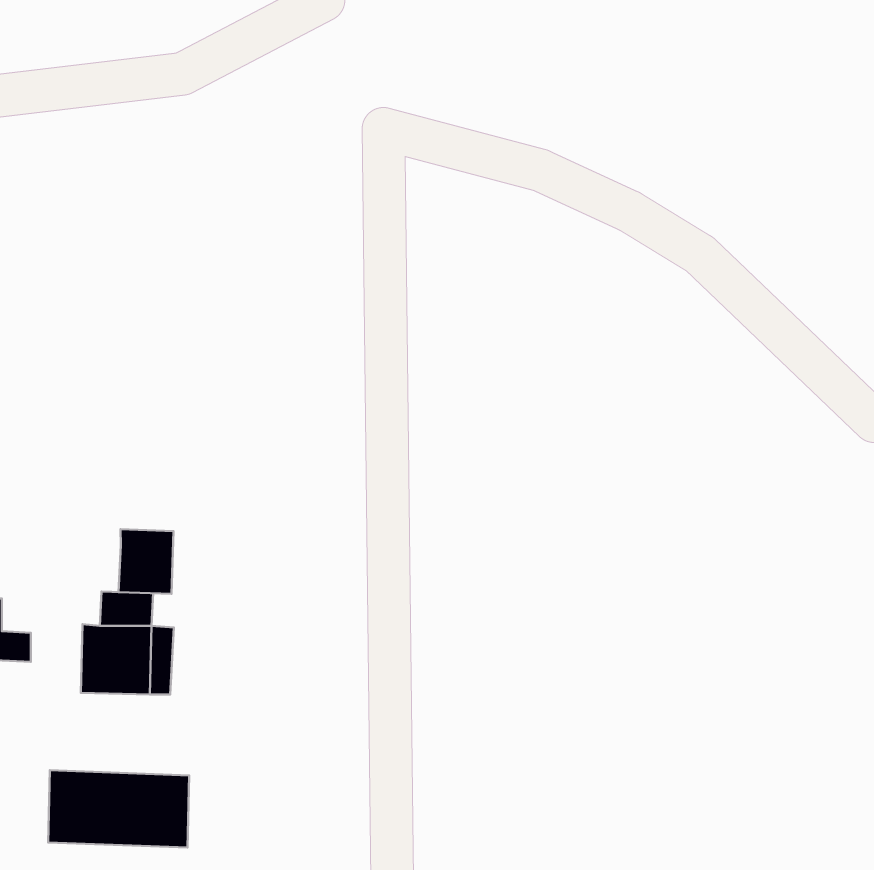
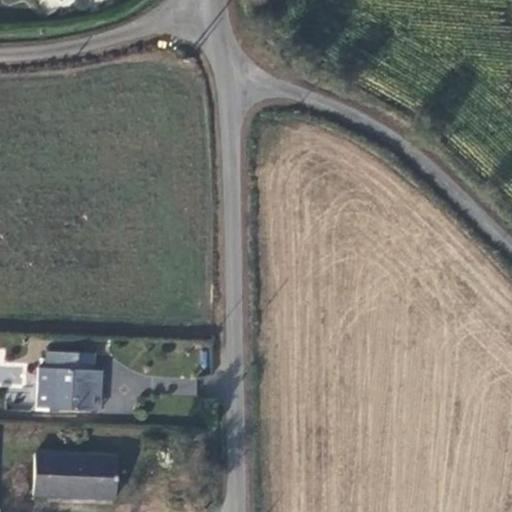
building: [118,529,173,594] -> none

